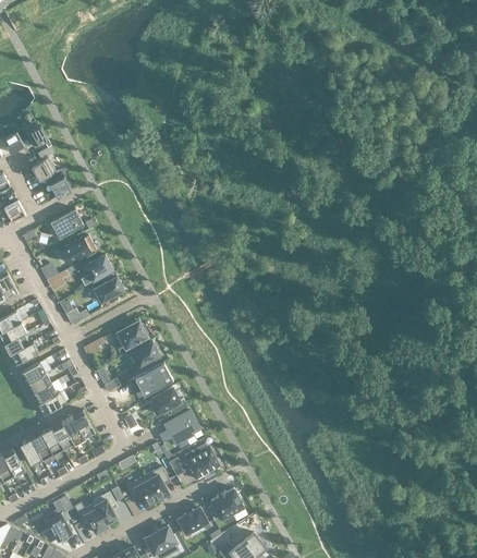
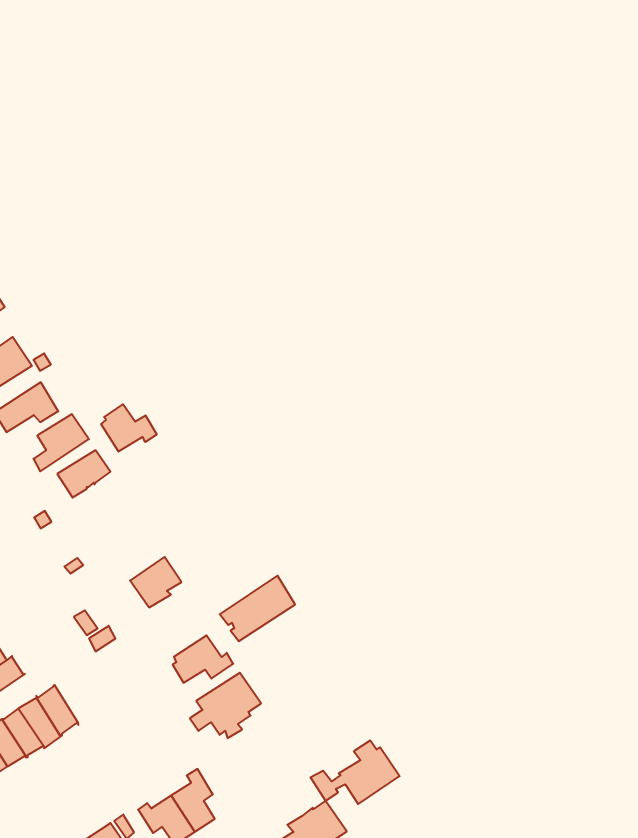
building: none -> [101,404,157,452]
building: [117,322,147,349] -> none
building: [127,362,171,398] -> [220,576,295,641]
building: [168,444,219,480] -> [310,741,400,804]

